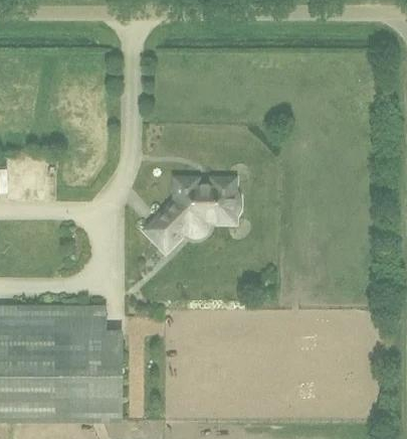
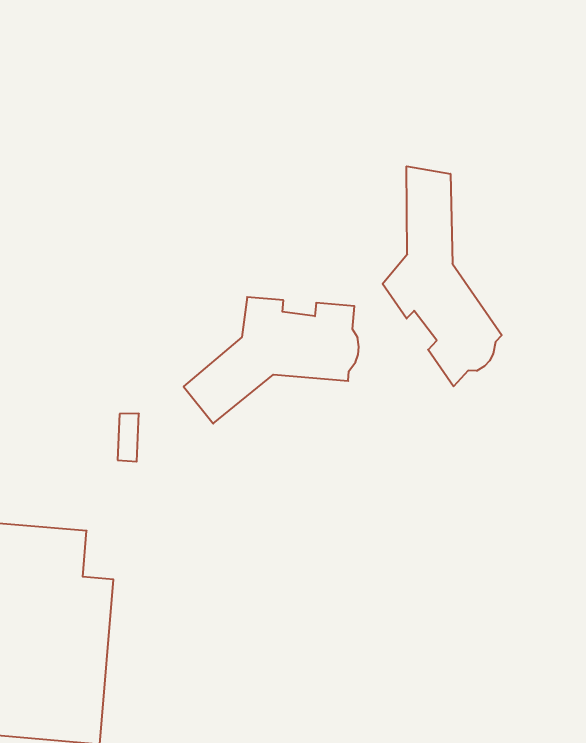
building: none -> [383,166,502,386]

